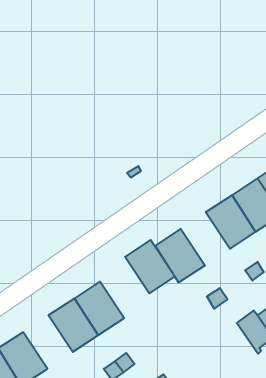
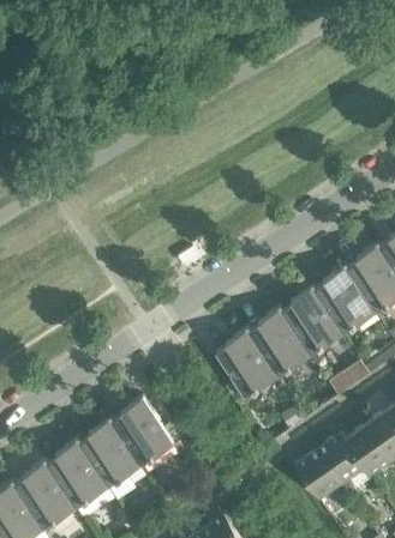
building: [125,240,175,293] -> [246,309,310,377]
building: none -> [44,441,108,509]
building: none -> [294,451,346,508]

